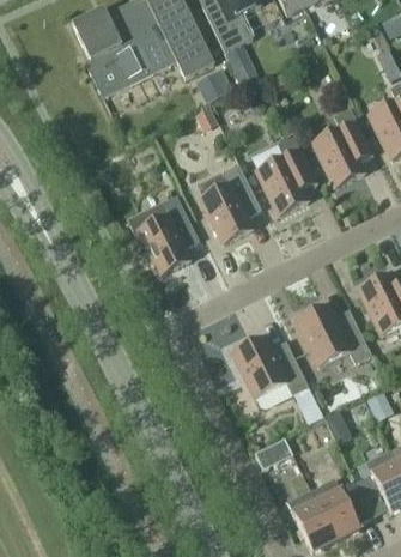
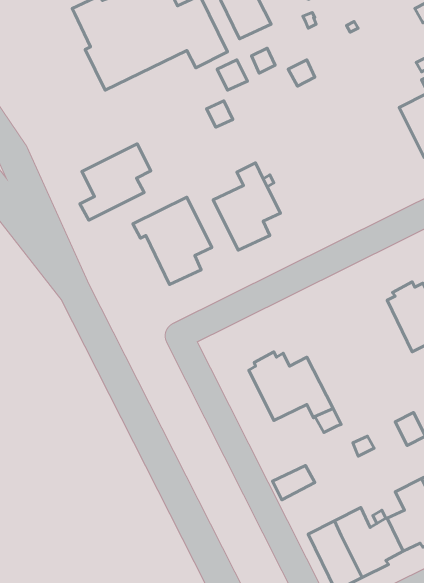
building: [312,108,373,188] -> none
building: [256,135,317,216] -> none
building: none -> [80,144,151,220]
building: [296,304,371,367] -> none

